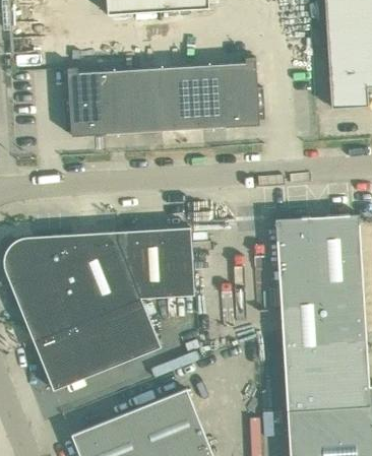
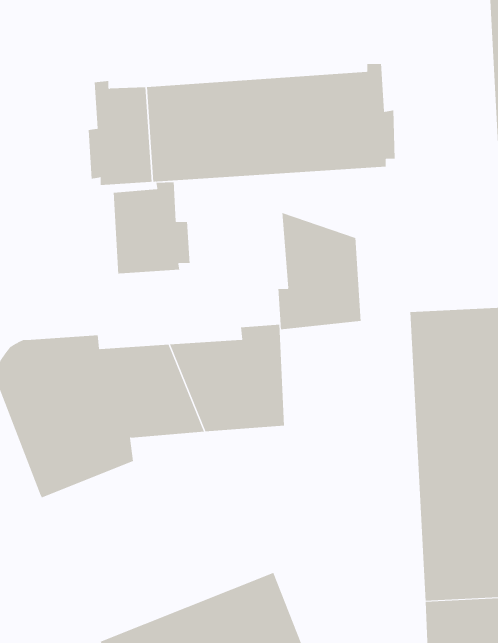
building: none -> [113,181,190,274]
building: none -> [278,212,361,330]
building: [33,298,160,390] -> none

